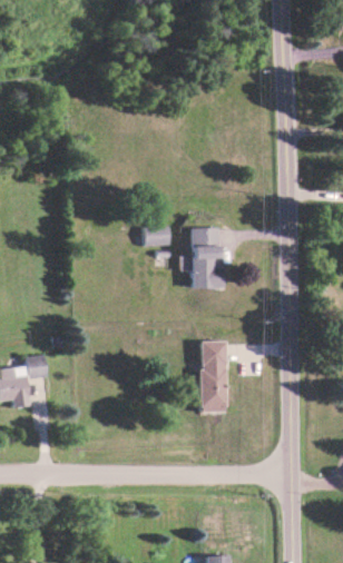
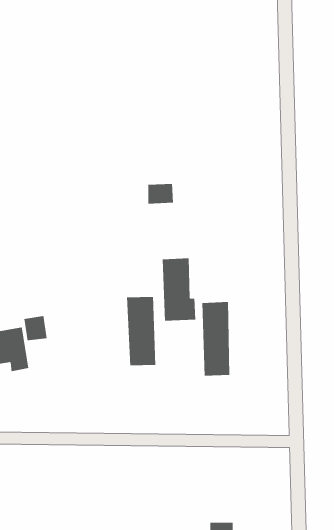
building: [192,227,225,288] -> [162,258,196,321]
building: none -> [127,296,156,366]

